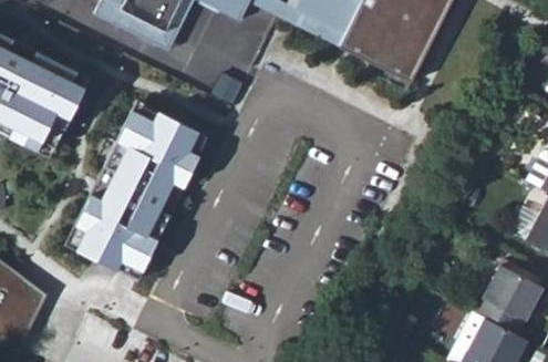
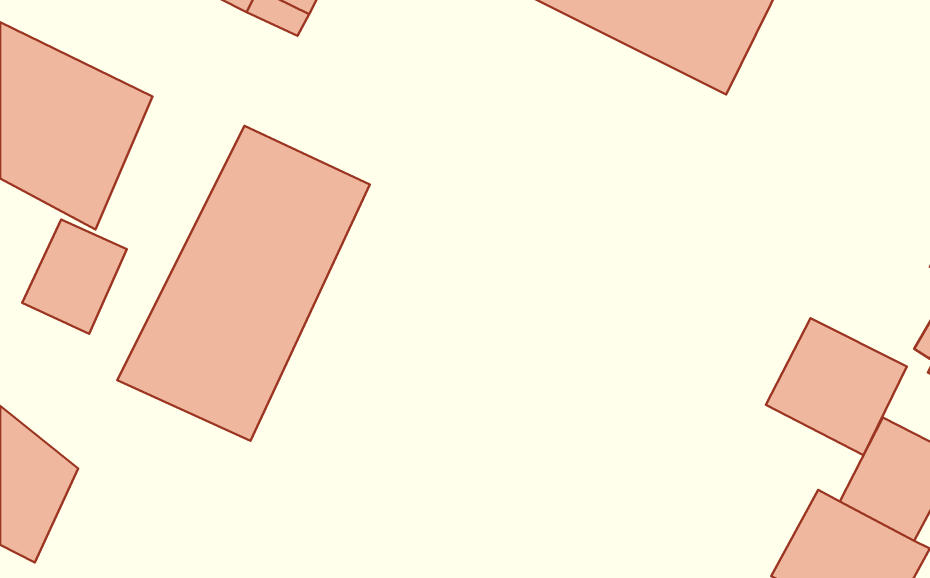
building: none -> [22,219,127,334]
building: none -> [766,318,907,455]

